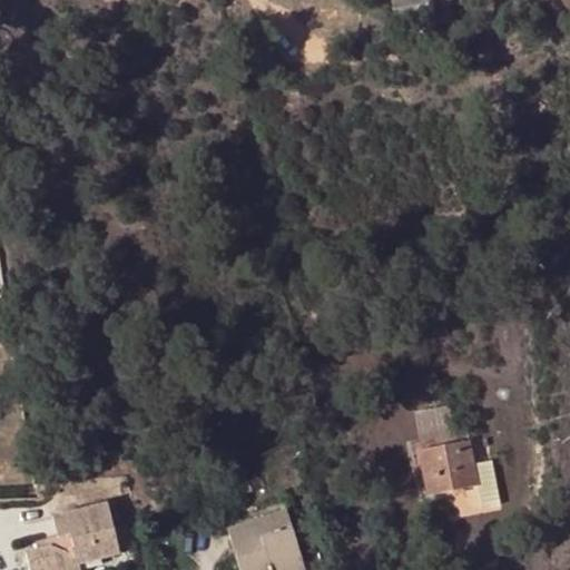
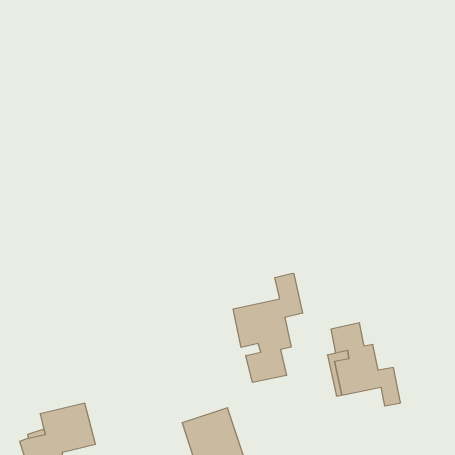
building: none -> [233,273,303,382]

